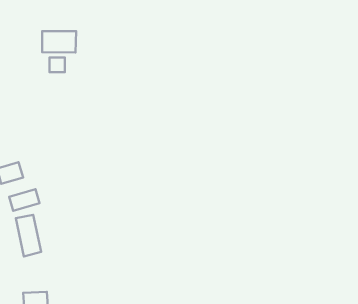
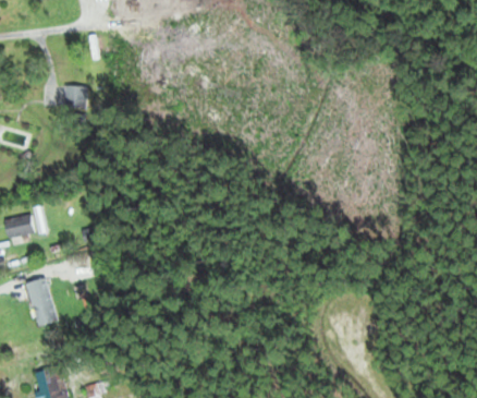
building: [42,31,76,52] -> none
building: [9,189,40,211] -> none

